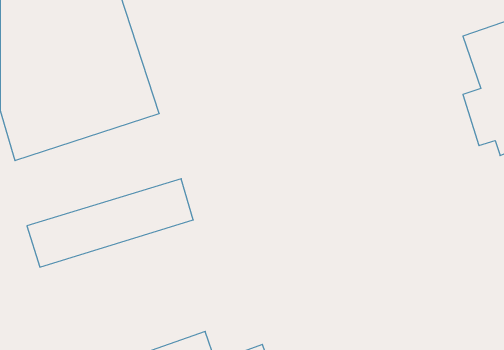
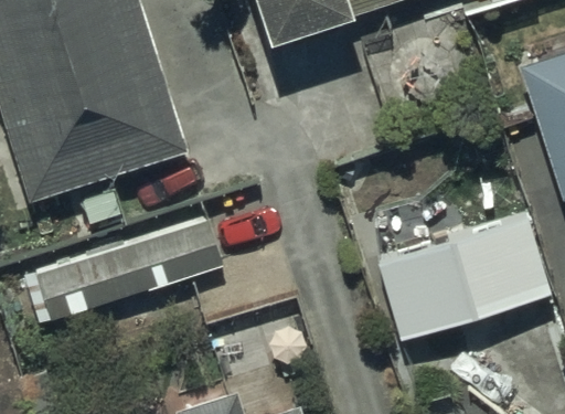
building: none -> [379,219,548,343]

